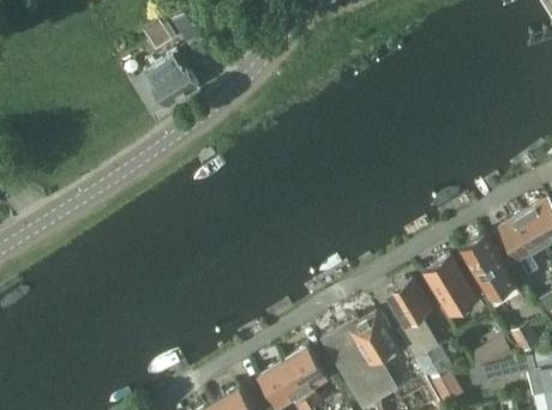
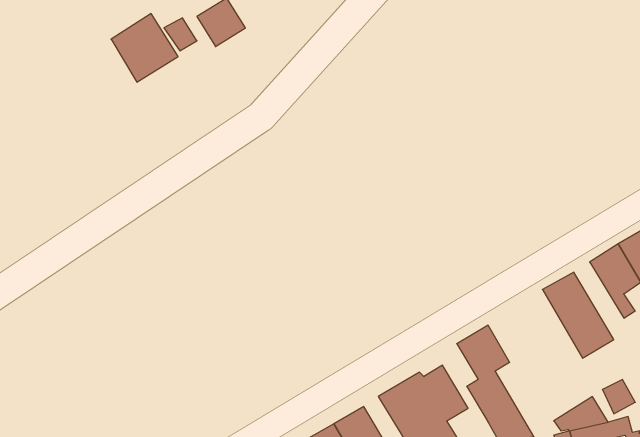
building: [143,53,199,110] -> [111,14,178,82]
building: [424,257,478,318] -> none

